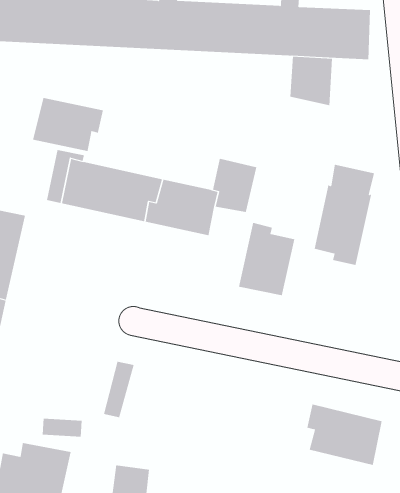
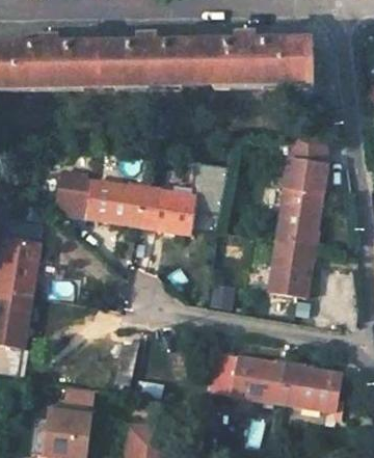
building: [290,56,333,106] -> [290,136,323,174]
building: [33,97,104,152] -> none
building: [238,222,295,296] -> [269,239,313,297]
building: none -> [212,354,287,402]

